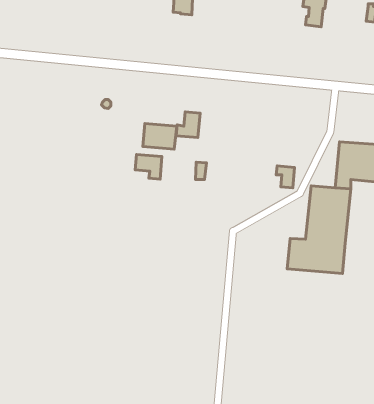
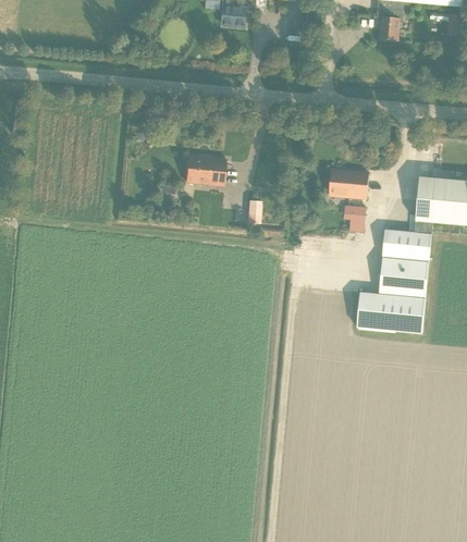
building: [176,112,200,137] -> none
building: none -> [329,168,369,198]
building: [135,154,162,179] -> none

